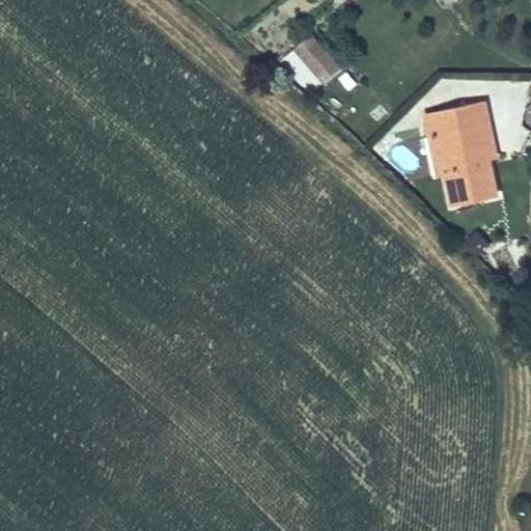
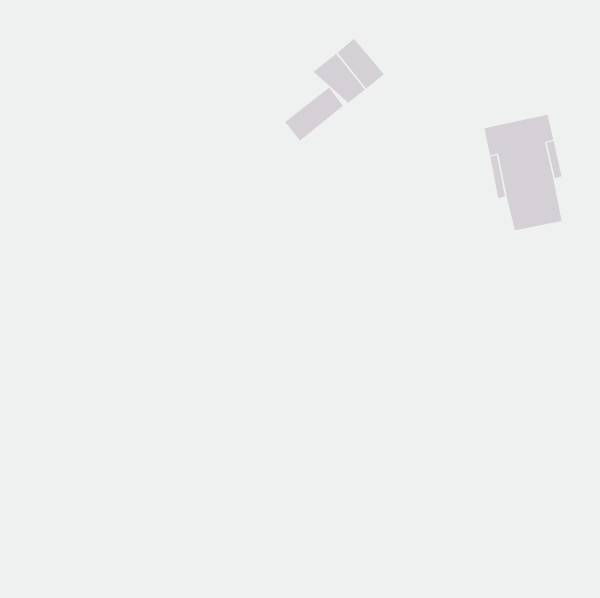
building: none -> [284,86,344,142]

